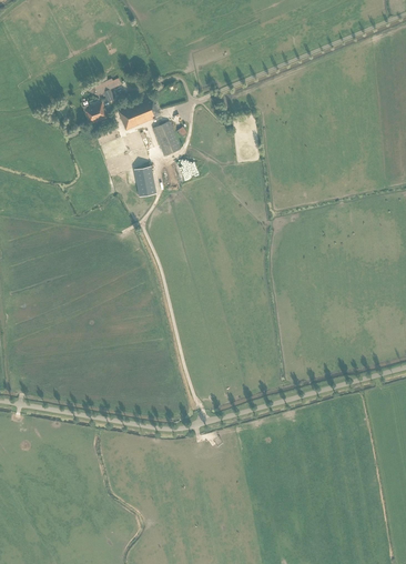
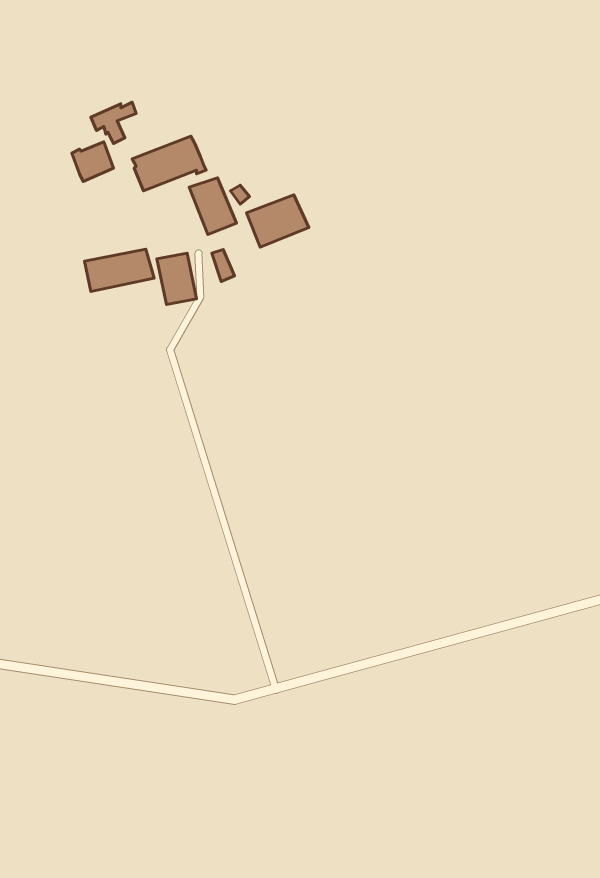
building: none -> [246,195,309,247]
building: none -> [85,249,154,291]

